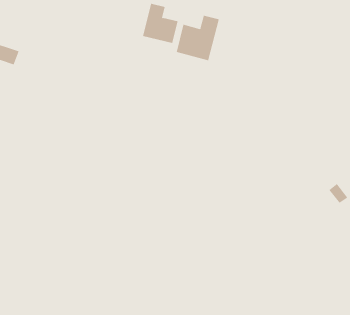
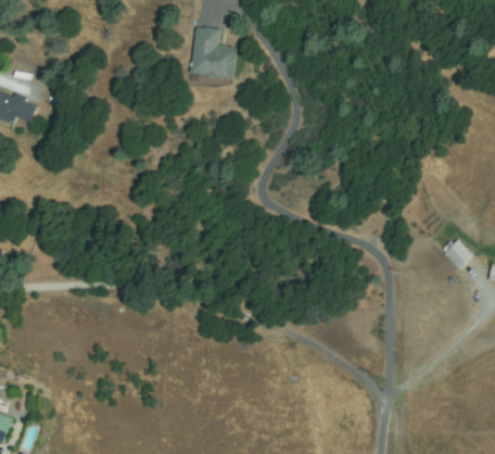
building: [176,15,219,61] -> none

